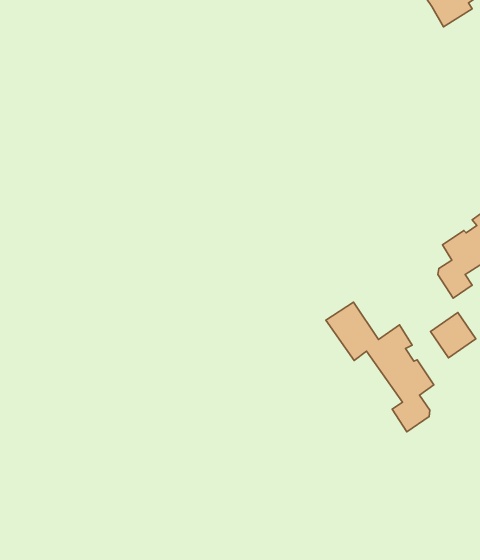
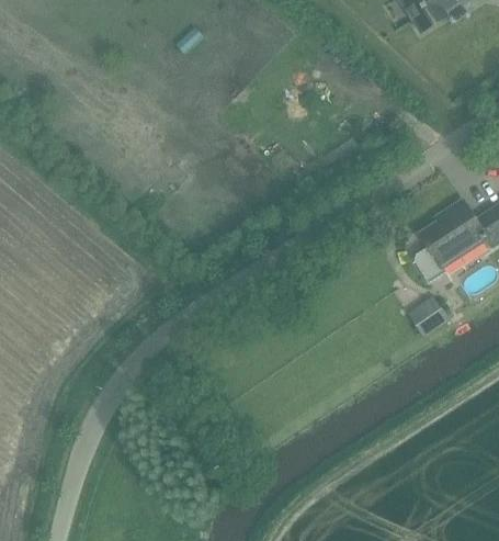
building: [326,302,434,432] -> none

